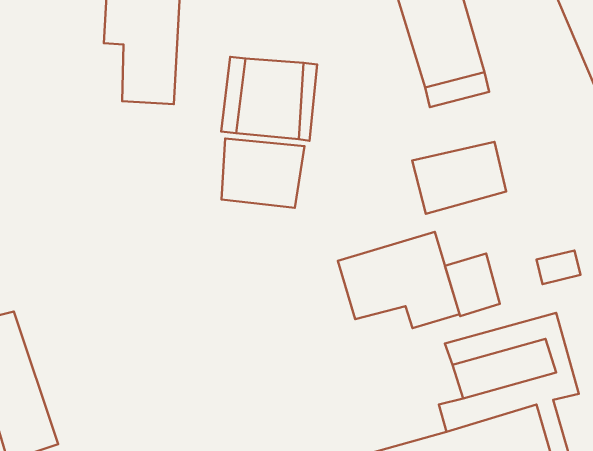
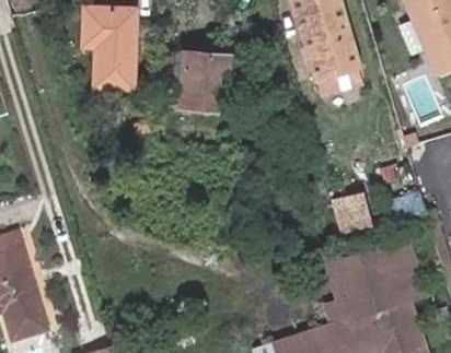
building: [221,139,304,208] -> none
building: [412,142,506,214] -> none
building: [338,232,460,328] -> none

